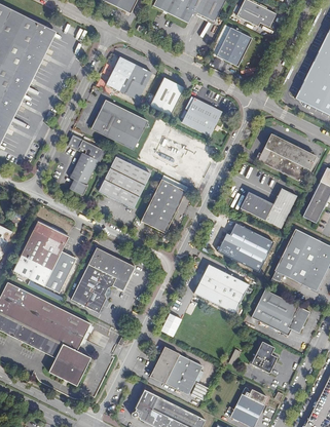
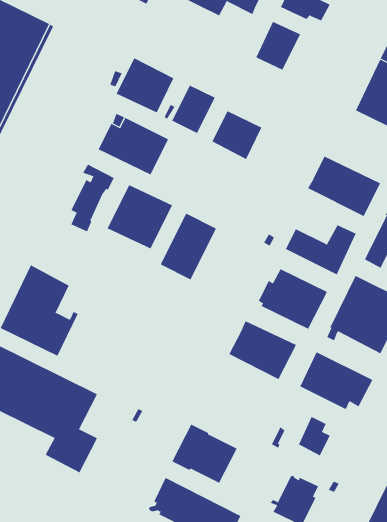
building: [71,246,135,312] -> none

